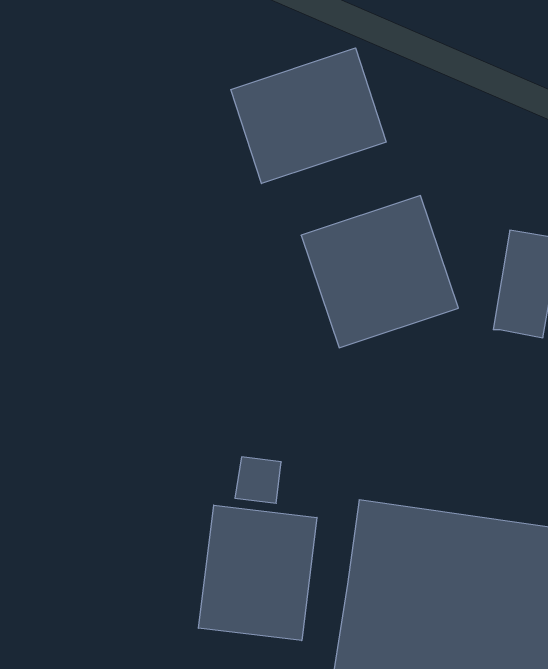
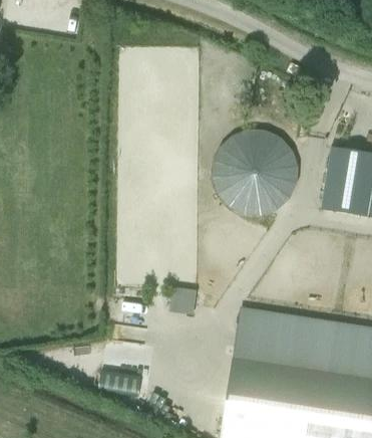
building: [231,48,386,184] -> none
building: [198,505,317,641] -> none

